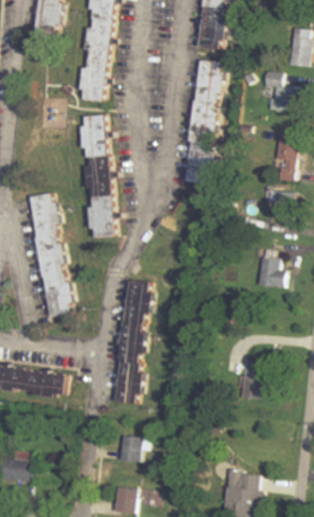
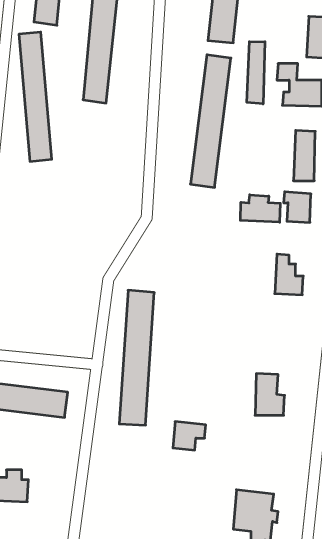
building: none -> [247,42,265,104]
building: [82,121,113,241] -> [19,32,52,161]
building: none -> [240,195,280,222]
building: [26,195,74,321] -> none
building: [118,433,148,460] -> [173,422,206,450]
building: [115,485,135,510] -> none

